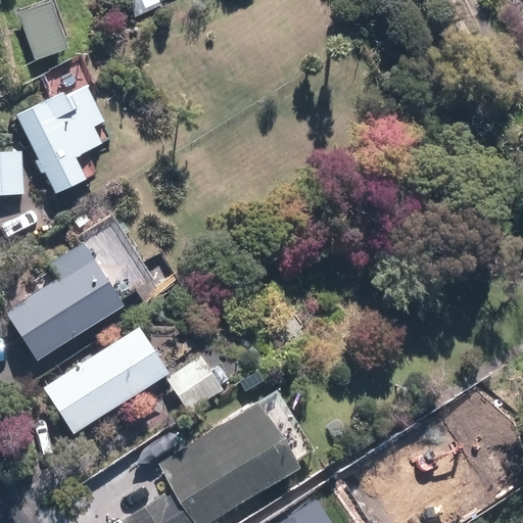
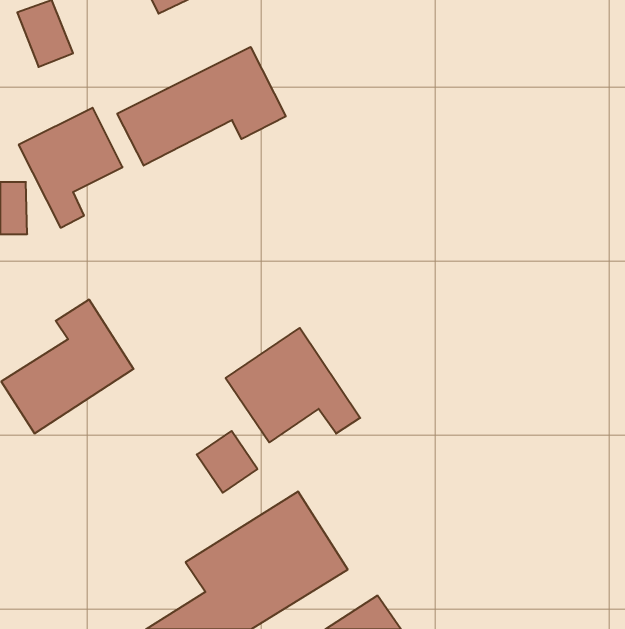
building: none -> [117,47,286,166]
building: none -> [226,328,360,442]
building: [47,330,163,431] -> none

